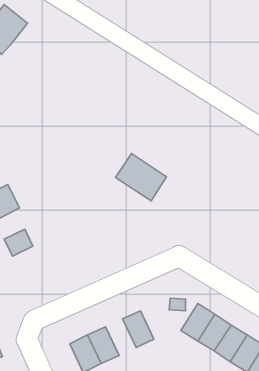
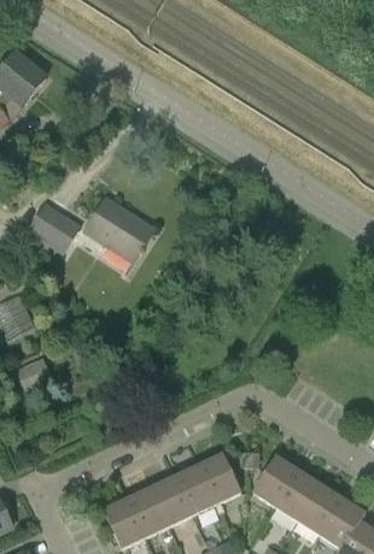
building: none -> [25,199,81,252]
building: [115,153,166,201] -> [84,199,153,263]
building: none -> [198,453,240,503]
building: none -> [151,476,192,525]

